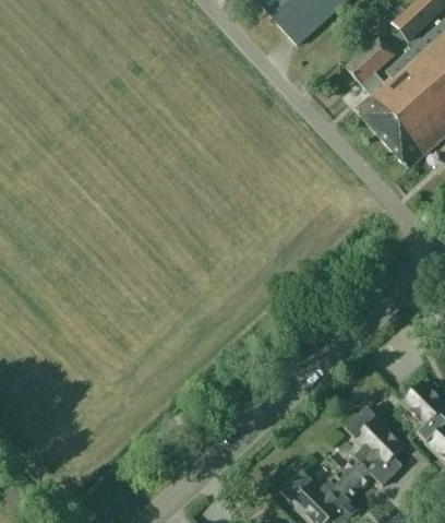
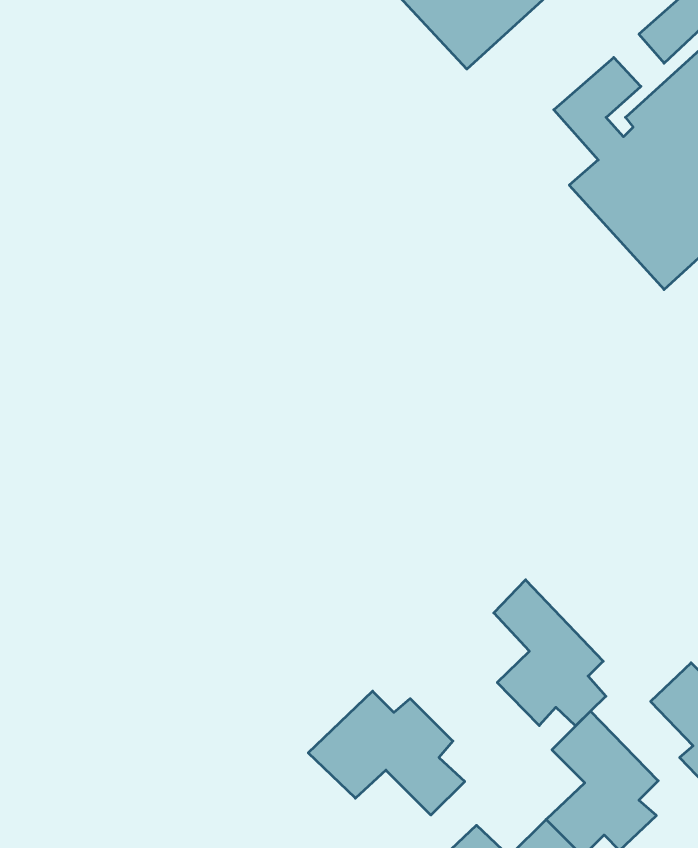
building: none -> [494,580,606,726]
building: none -> [308,691,465,815]

